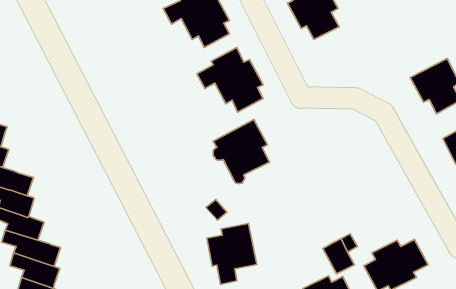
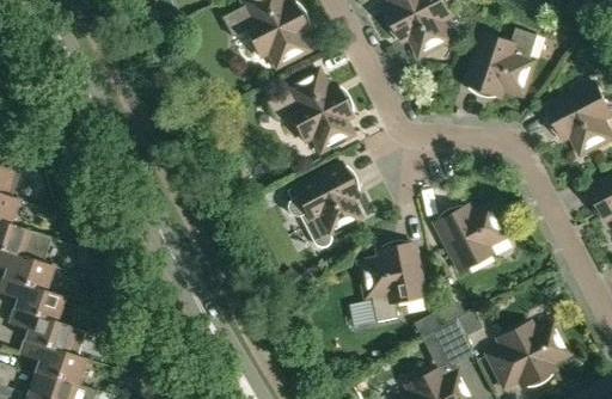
building: none -> [466,27,538,96]
building: none -> [433,202,506,270]
building: [207,224,257,284] -> [357,241,423,321]

